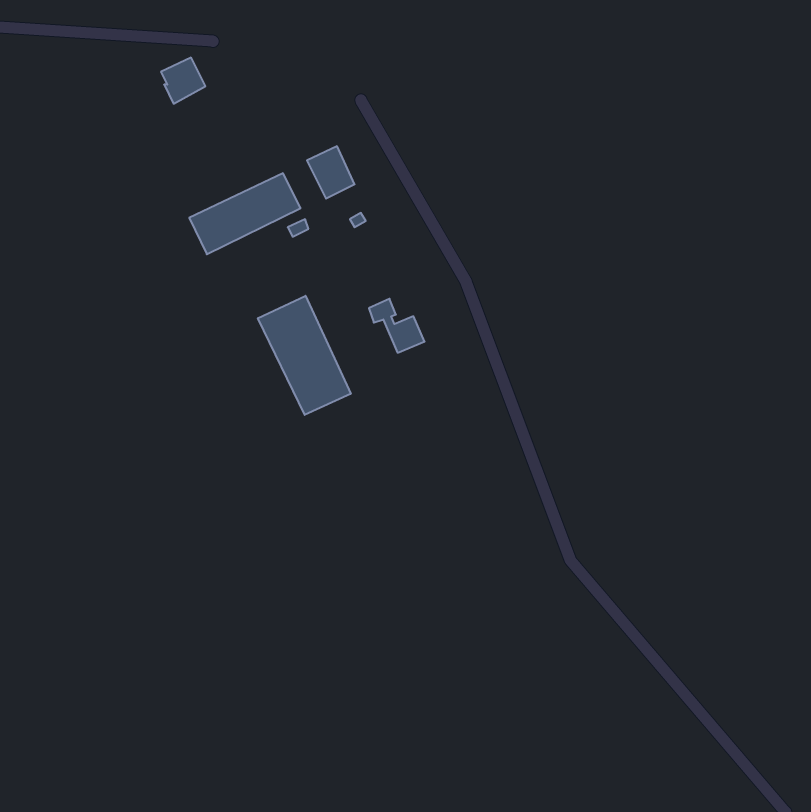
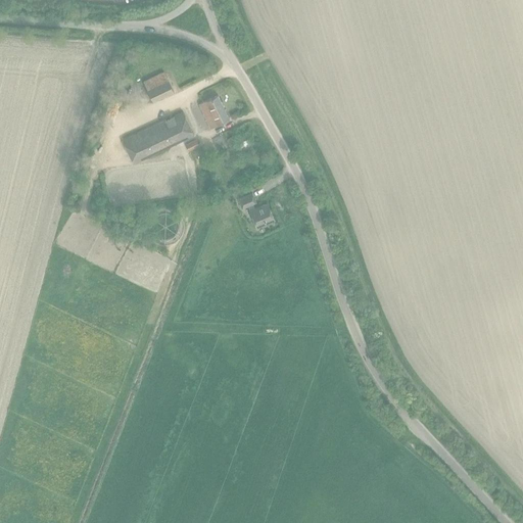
building: [161,58,205,104] -> [144,73,173,102]
building: [258,296,351,415] -> none

